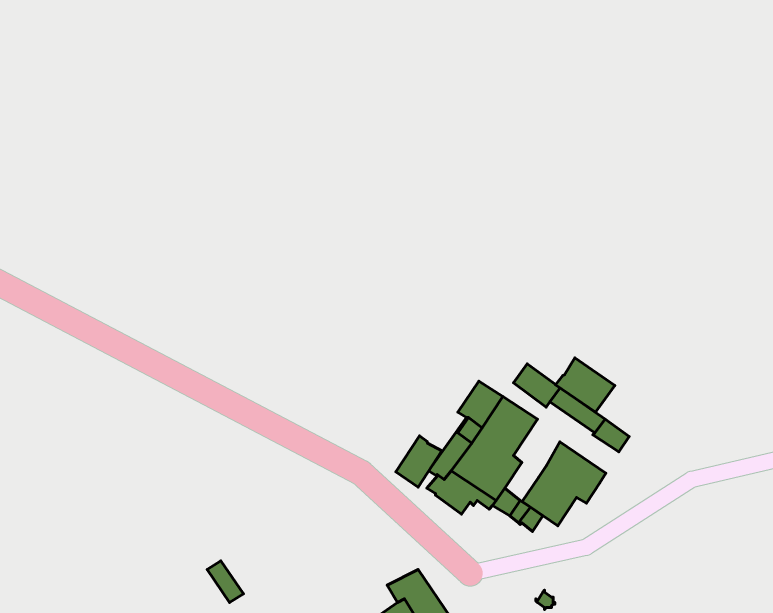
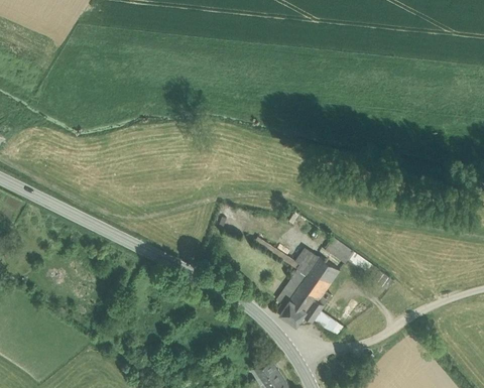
building: [556,358,615,412] -> none
building: [396,436,442,487] -> none
building: [522,442,606,526] -> none

